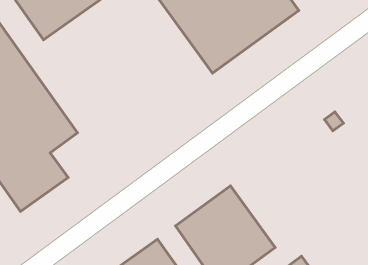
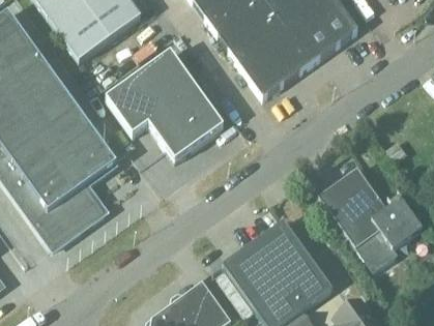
building: none -> [106,51,224,159]
building: none -> [318,167,417,271]

